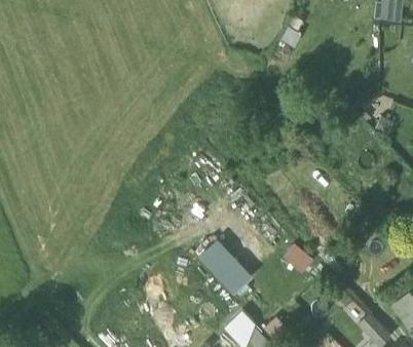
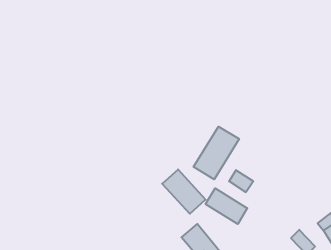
building: none -> [194,127,239,179]
building: none -> [206,188,247,224]

